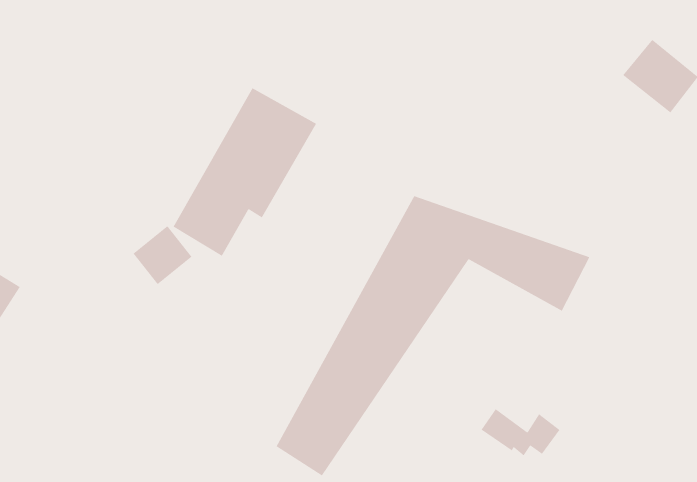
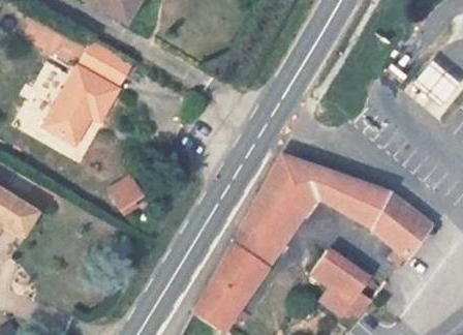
building: [172,87,317,257] -> [44,39,134,145]
building: none -> [373,193,431,256]
building: none -> [313,249,369,302]

